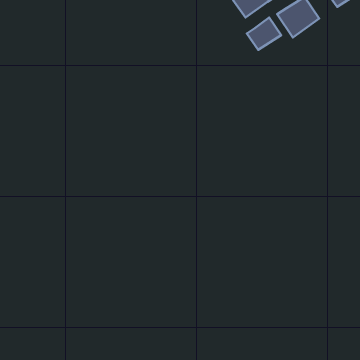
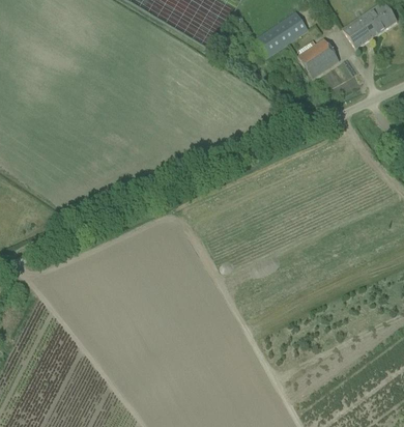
building: [247,18,281,50] -> none

